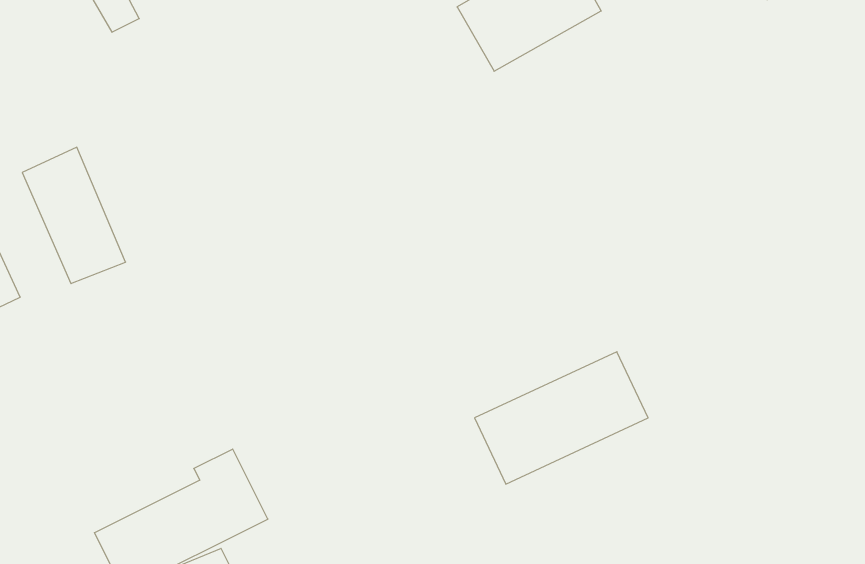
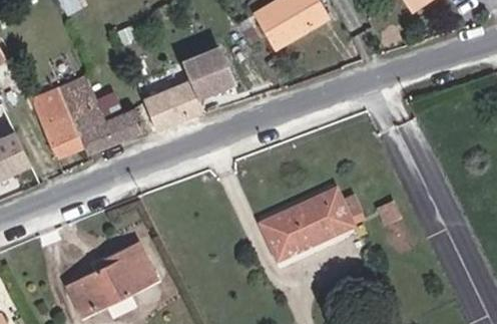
building: none -> [144,48,232,129]
building: none -> [59,75,143,152]

